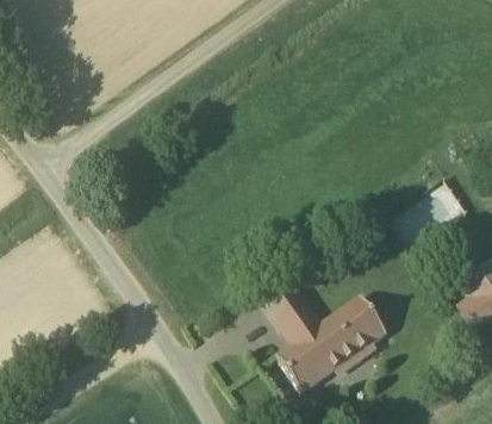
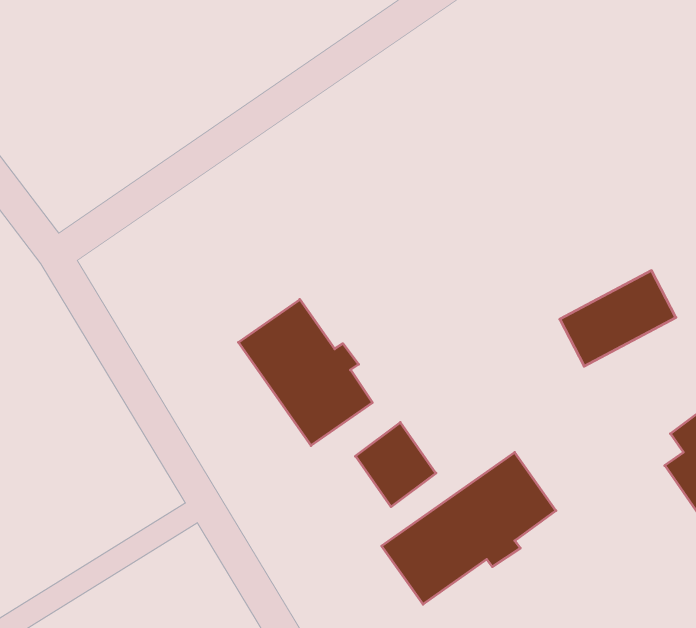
building: none -> [238,299,372,446]

